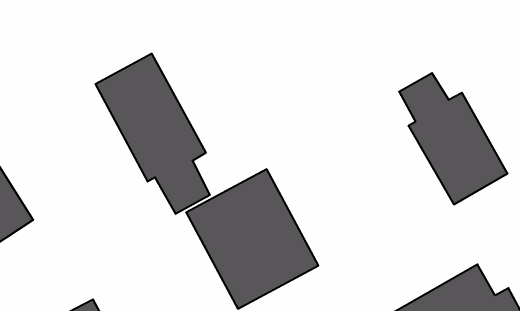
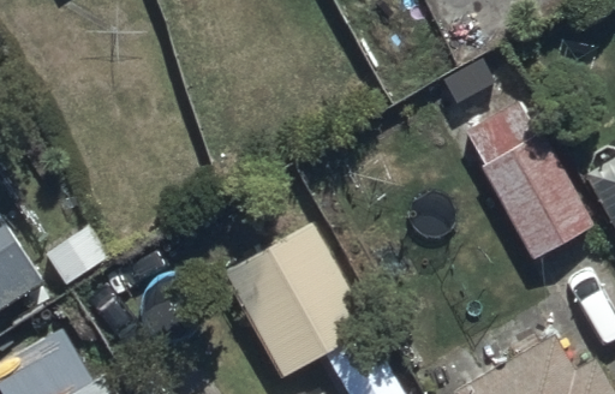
building: [95,54,210,214] -> none

